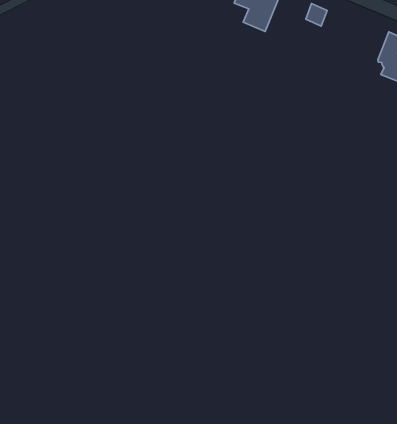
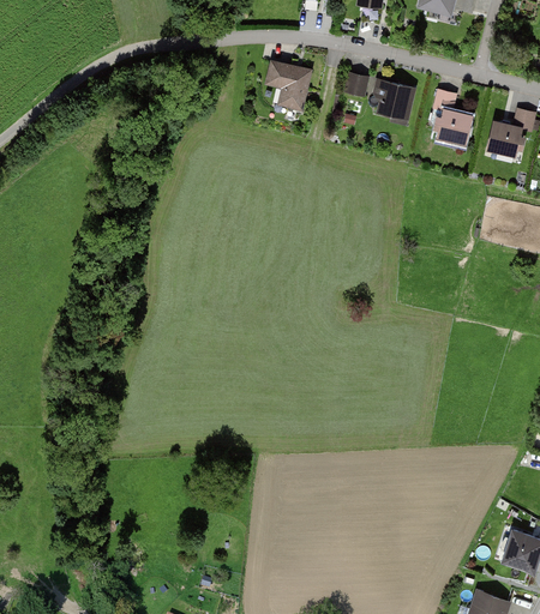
building: none -> [378,80,414,118]

